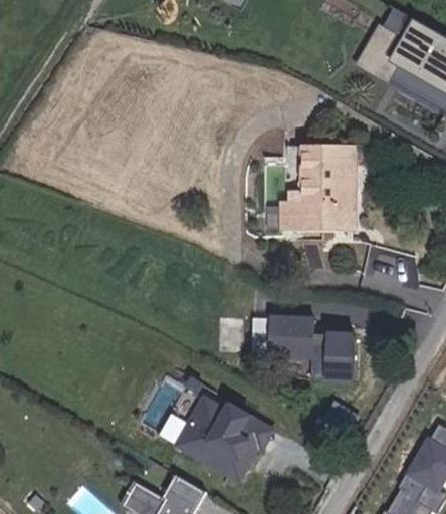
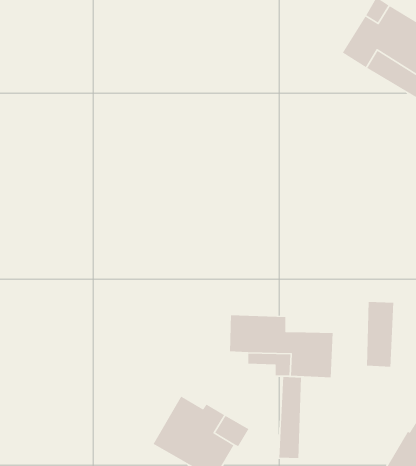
building: [290,145,362,222] -> none
building: none -> [366,301,394,368]
building: none -> [279,376,302,459]

